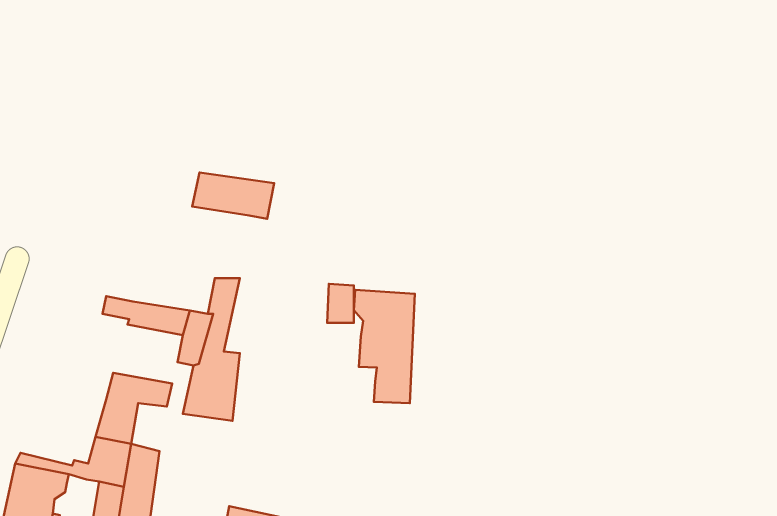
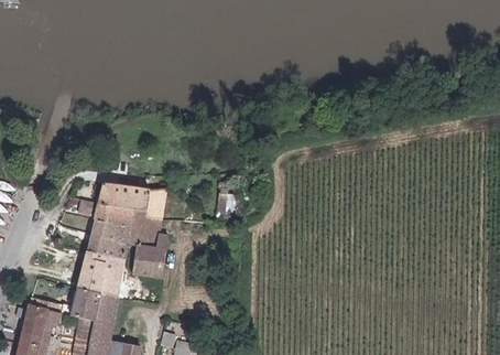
building: [192,173,274,219] -> [99,183,150,212]
building: [354,290,415,403] -> none
building: none -> [87,218,130,255]
building: none -> [98,267,120,297]

